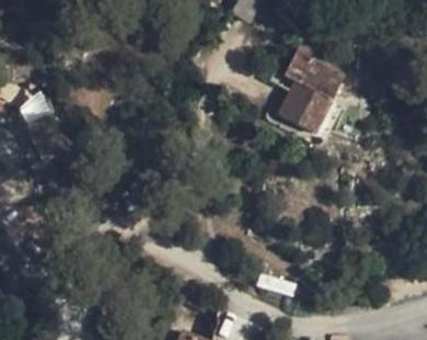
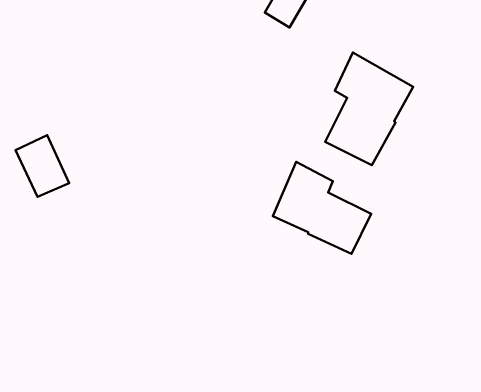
building: none -> [273,162,371,254]

